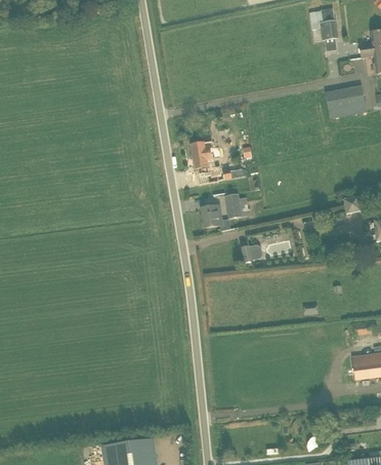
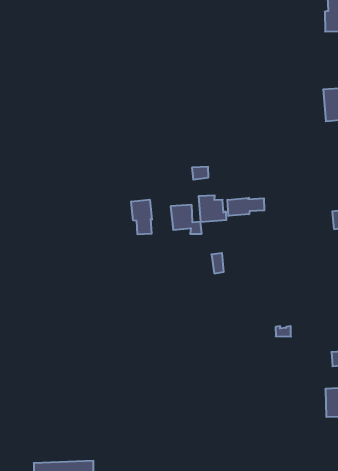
building: [190,141,213,167] -> none
building: none -> [227,198,264,216]
building: none -> [131,200,152,234]

